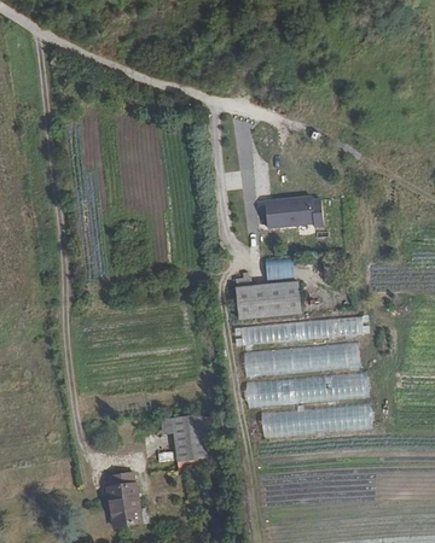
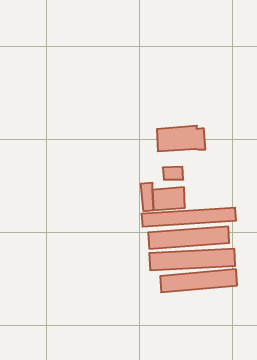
building: [169,414,204,459] -> none
building: [108,469,143,522] -> none

